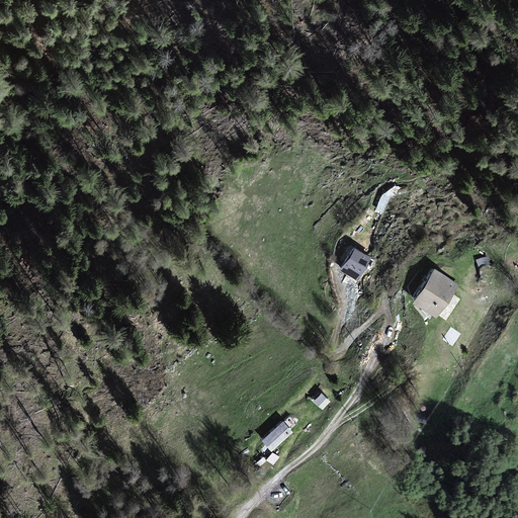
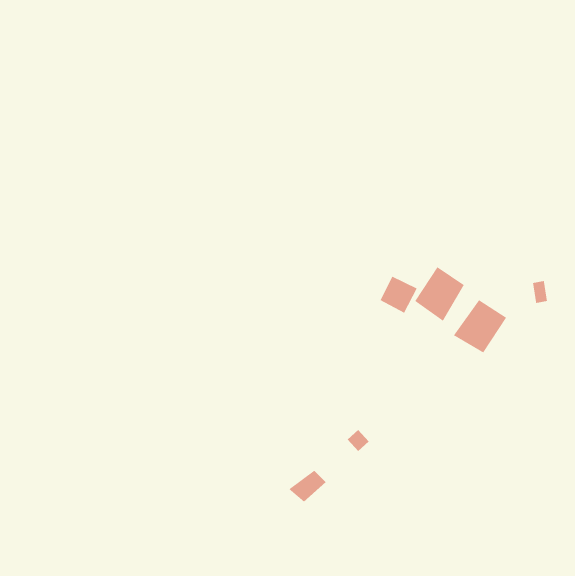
building: none -> [414,266,465,322]

